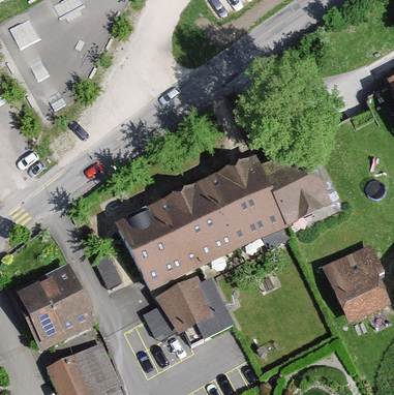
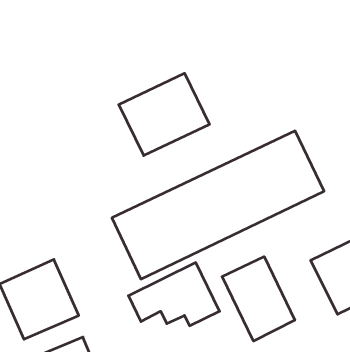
building: none -> [119,73,209,156]
building: none -> [222,257,295,341]

